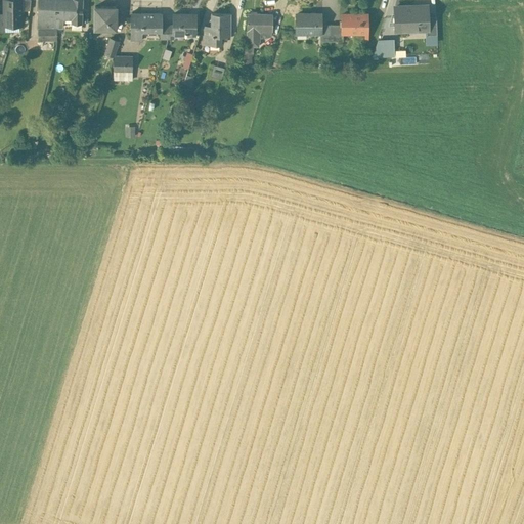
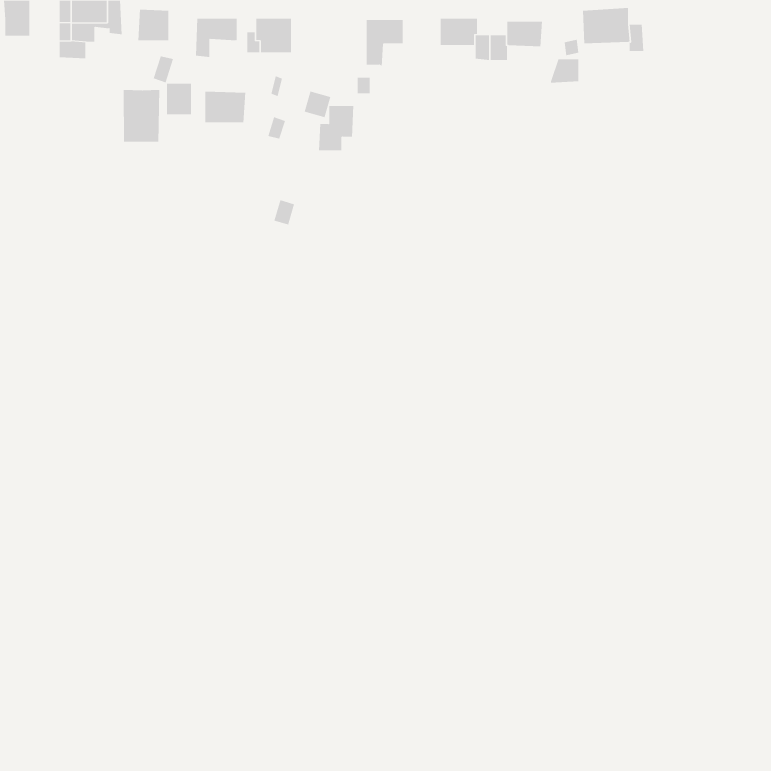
building: [205,14,229,45] -> [318,105,354,151]
building: none -> [123,89,160,143]
building: none -> [205,91,246,123]

